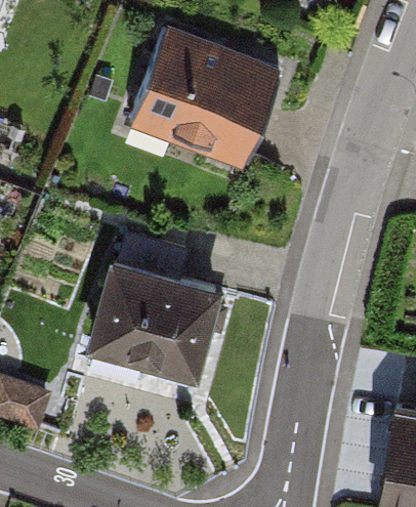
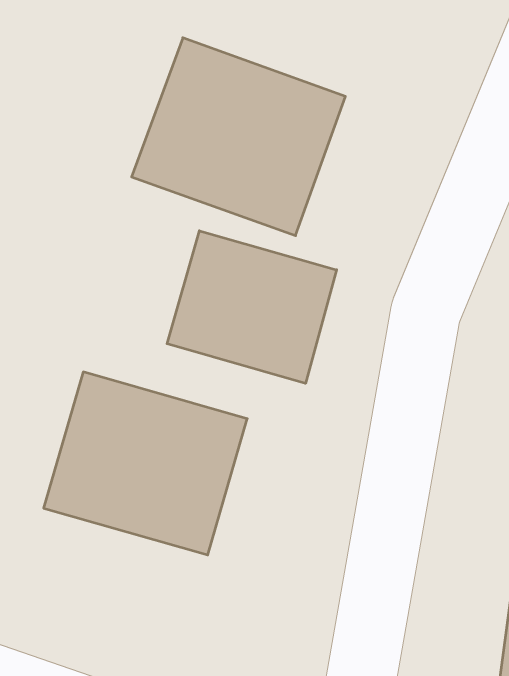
building: none -> [167,231,337,383]

